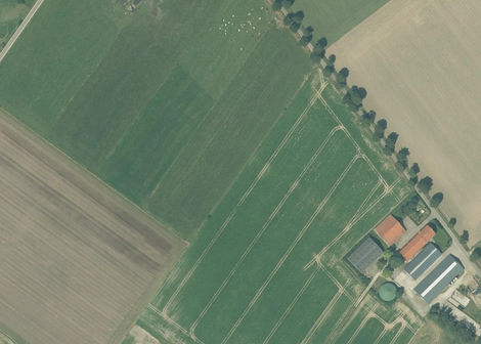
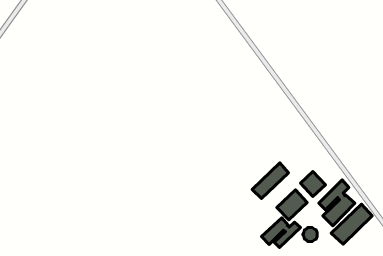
building: none -> [252,163,288,198]
building: none -> [262,218,300,247]

